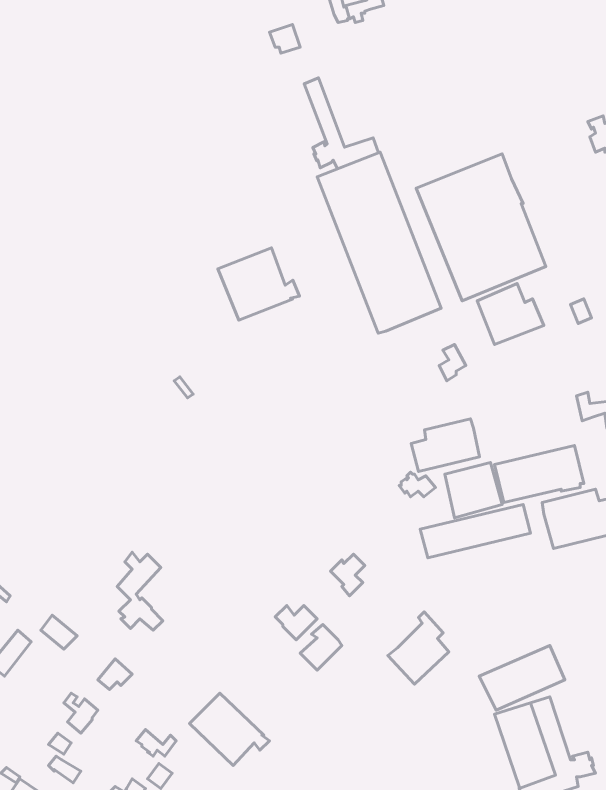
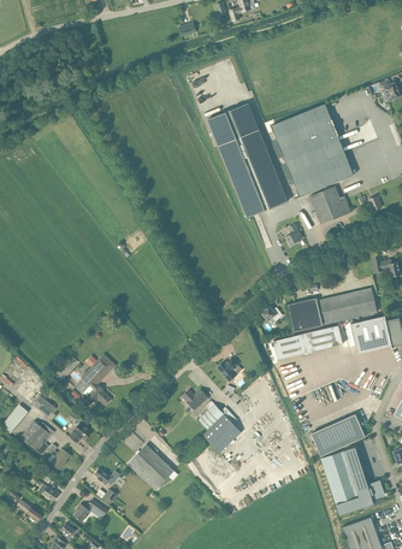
building: [304,78,378,169] -> none
building: [218,248,299,320] -> none
building: [411,419,479,471] -> none
building: [388,612,449,684] -> [202,407,241,453]
building: none -> [19,420,54,454]

